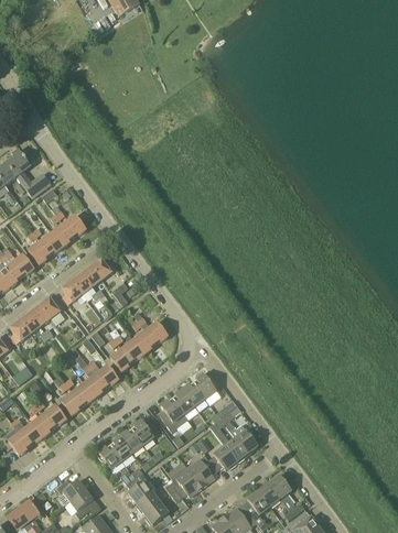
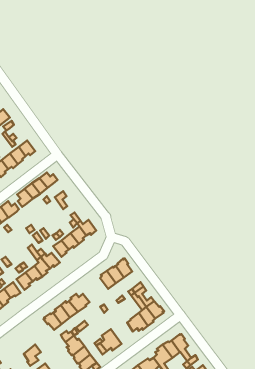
building: [158,400,184,432] -> none
building: [186,458,216,488] -> none
building: [55,479,85,504] -> none

